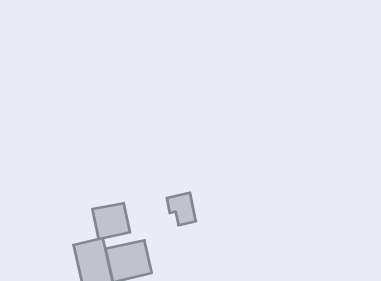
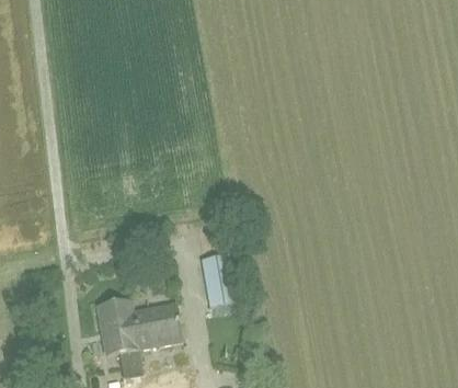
building: [92,203,130,239] -> none

